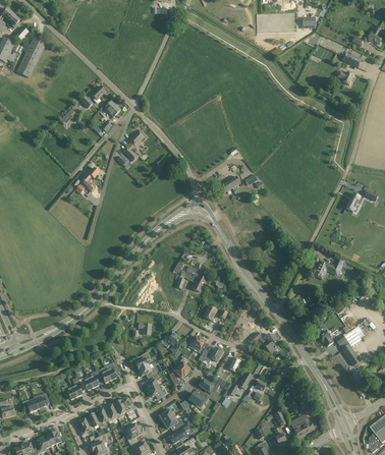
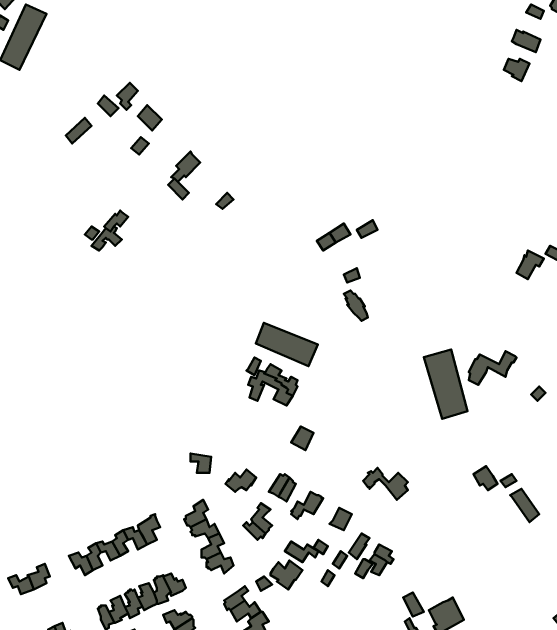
building: none -> [256,323,318,366]
building: none -> [424,350,467,419]

